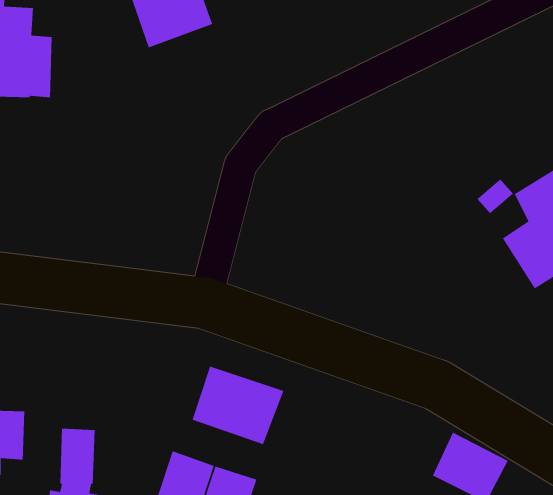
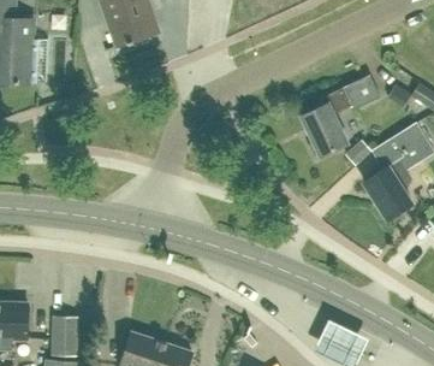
building: none -> [301,75,379,155]
building: [191,366,284,445] -> none

